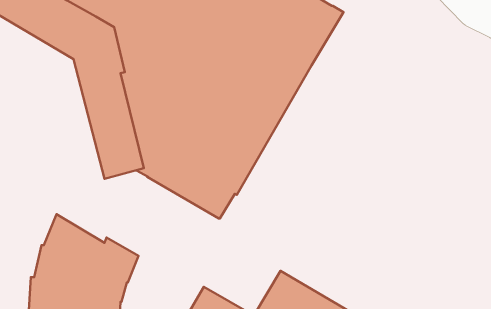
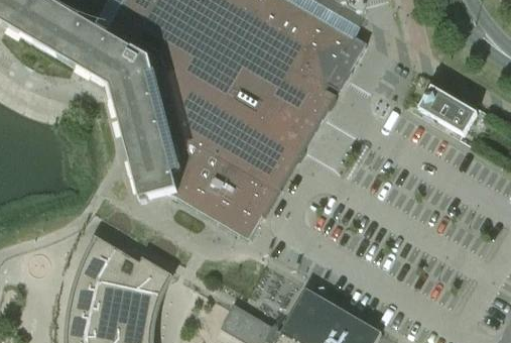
building: none -> [418,87,477,135]

